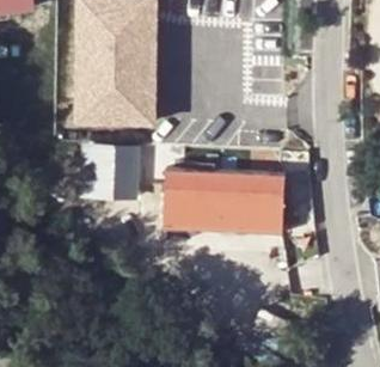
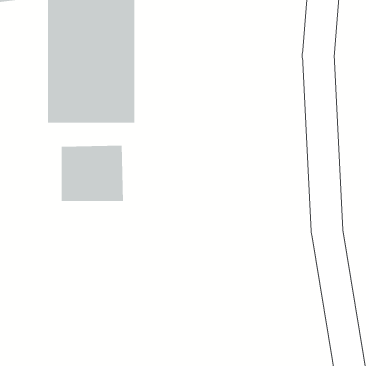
building: [159,167,282,233] -> none

